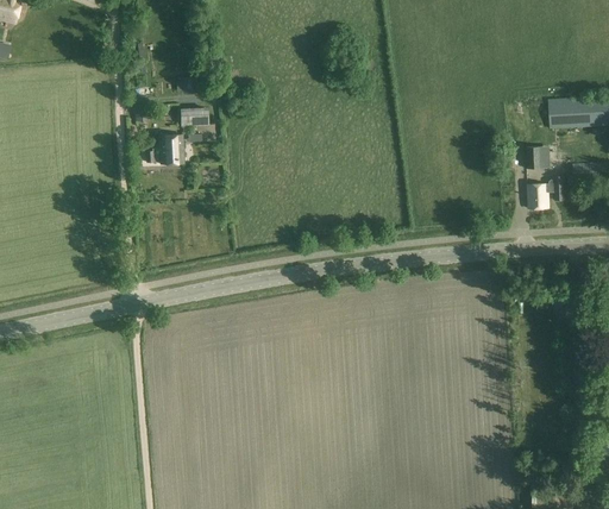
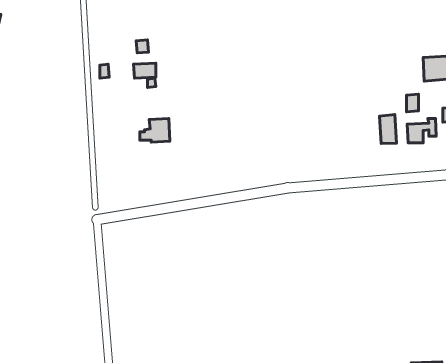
building: [145,136,183,165] -> [140,119,170,142]
building: none -> [380,115,396,144]

